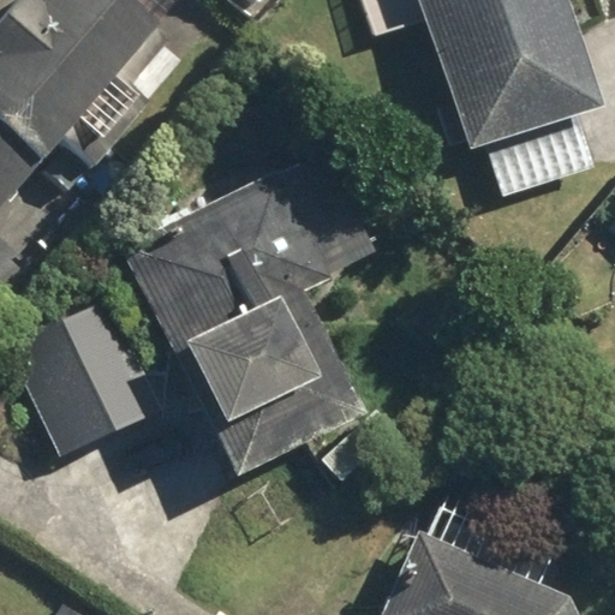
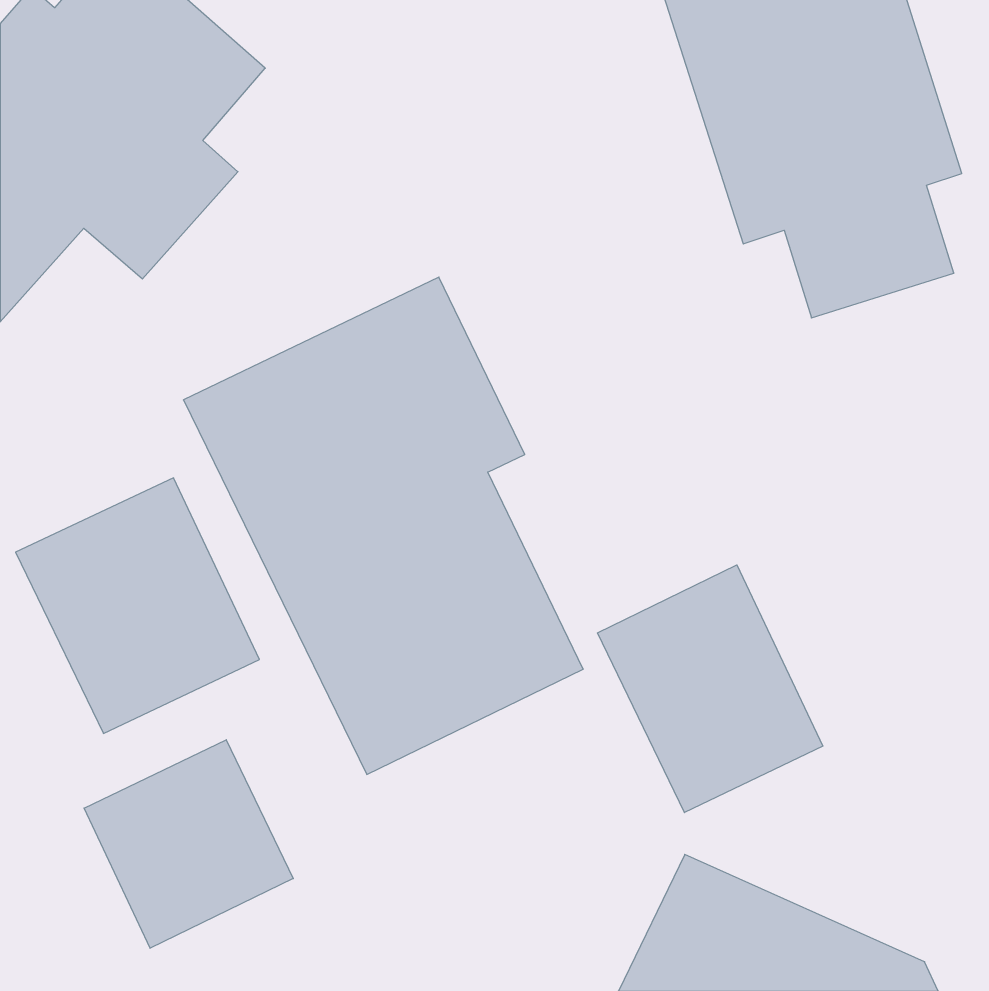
building: none -> [598,565,823,813]
building: none -> [84,740,293,948]

